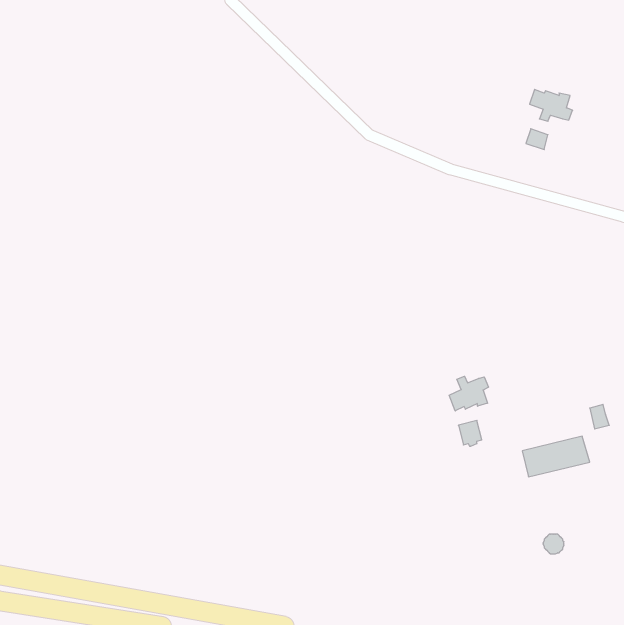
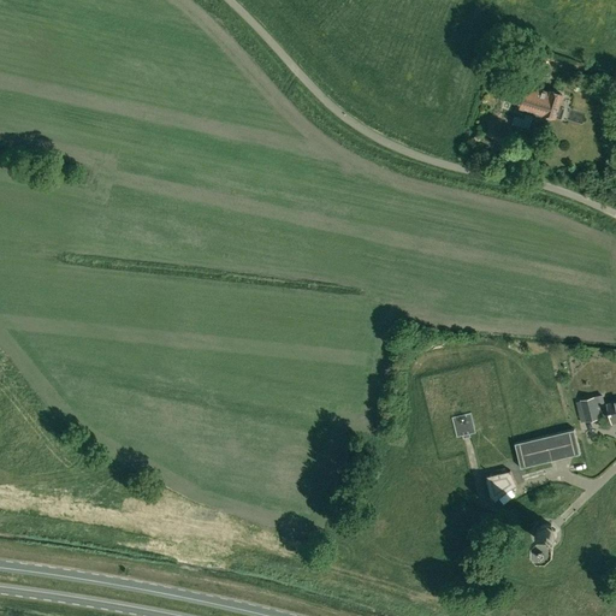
building: [449,376,488,411] -> none
building: none -> [484,472,515,503]

